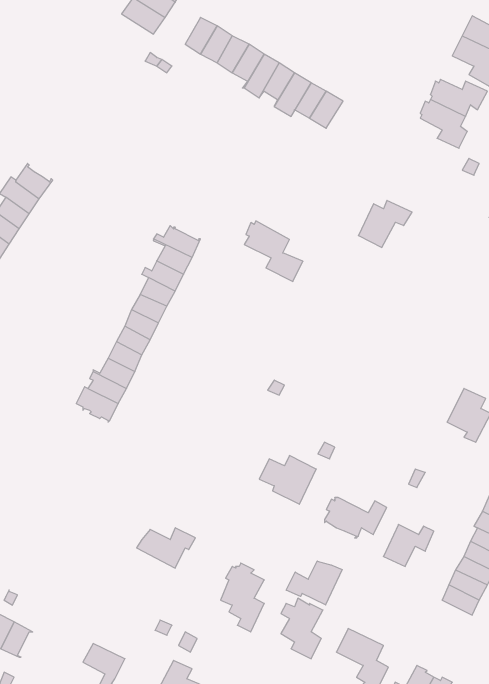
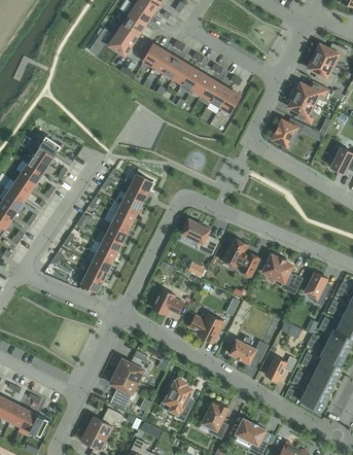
building: [358,200,412,247] -> [272,117,305,146]
building: [244,221,303,281] -> [181,218,217,255]
building: none -> [221,238,259,276]
building: none -> [262,254,302,293]
building: none -> [151,288,183,315]
building: none -> [109,370,137,400]
building: [286,561,342,605] -> none
building: none -> [86,409,122,437]

